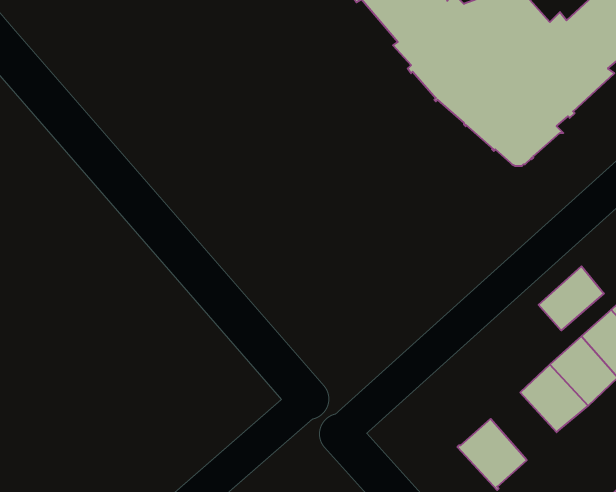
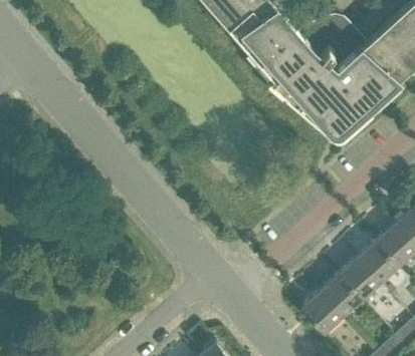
building: [539,266,604,330] -> none
building: none -> [321,275,361,316]

